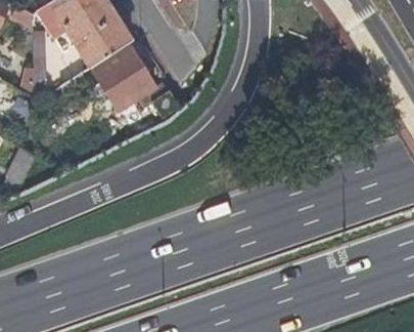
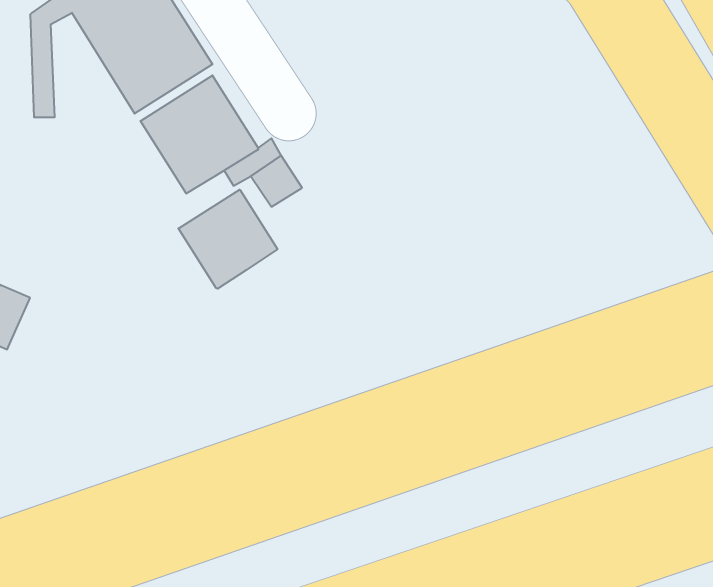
building: none -> [178,190,277,289]

